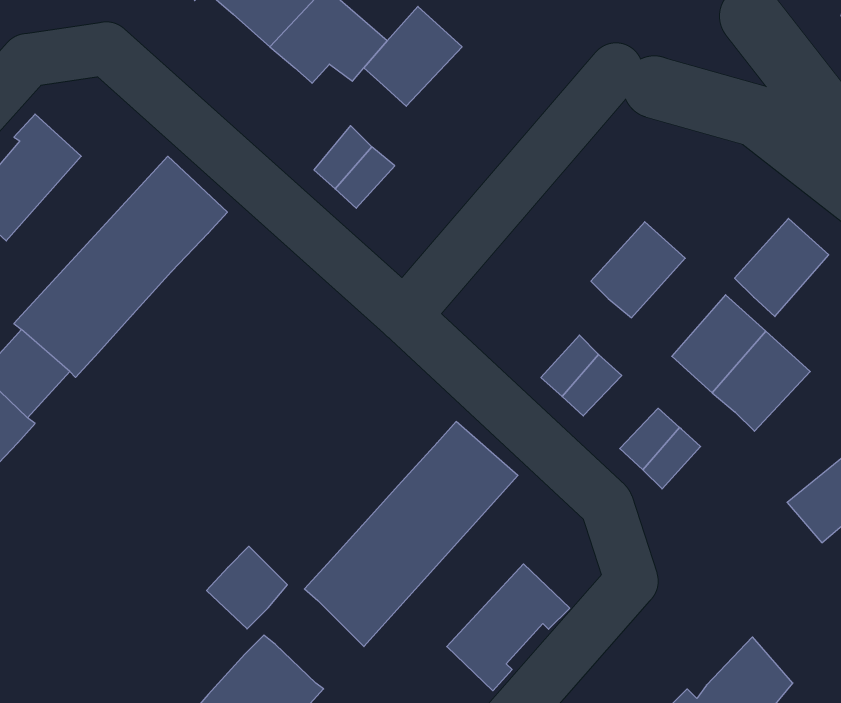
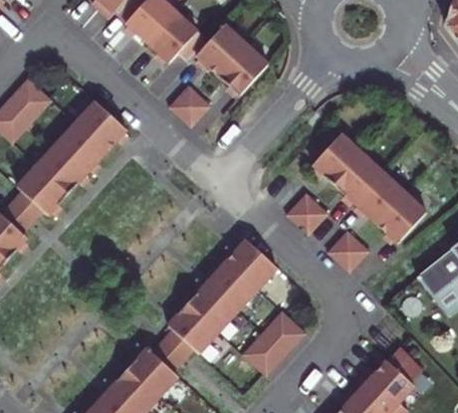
building: none -> [219,41,270,93]
building: [735,218,829,317] -> [336,152,386,203]
building: [207,546,287,629] -> [151,331,193,374]

